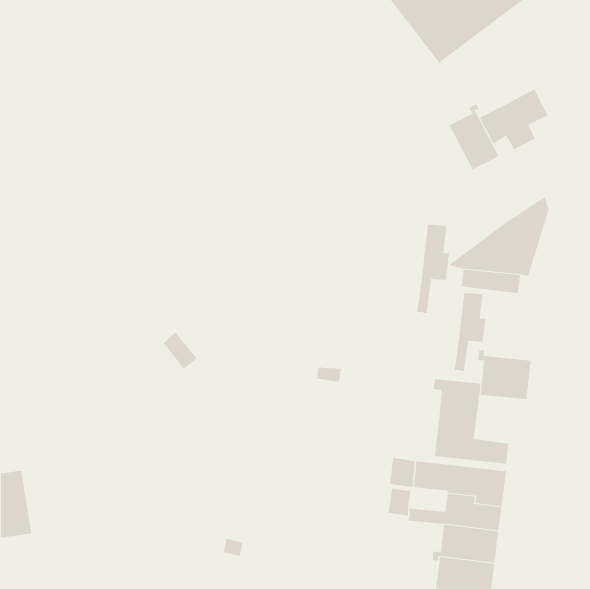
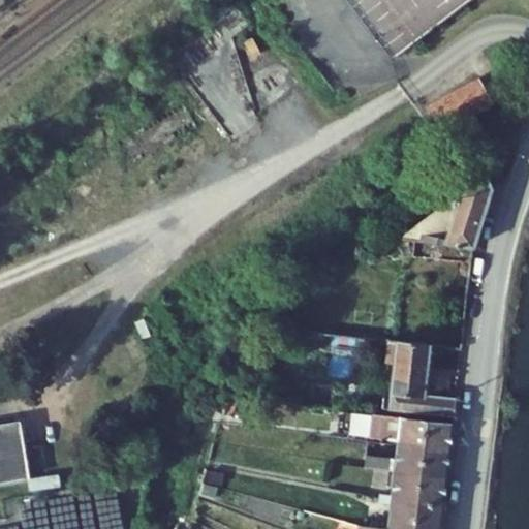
building: [449,104,499,170] -> none
building: [417,224,449,314] -> none
building: [454,292,486,372] -> none
building: [478,349,531,400] -> none

